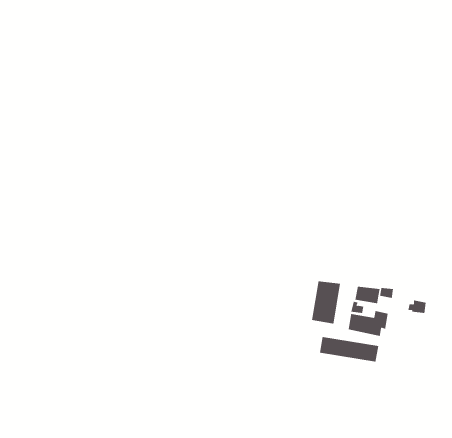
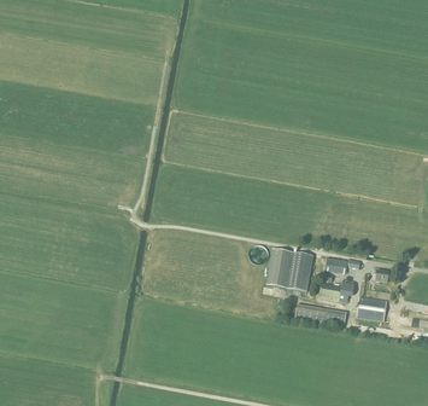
building: none -> [268,248,293,286]
building: none -> [358,295,387,319]

